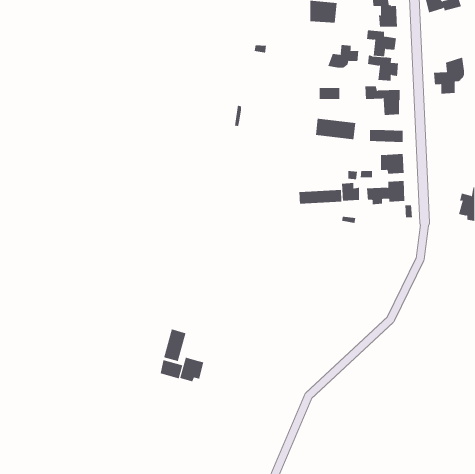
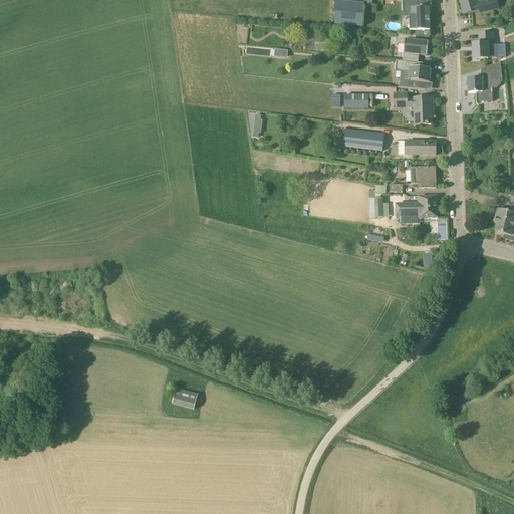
building: none -> [473,31,497,58]
building: [327,44,359,68] -> none
building: [299,189,342,204] -> none
building: [163,329,186,362] -> none
building: [180,357,204,382] -> none

